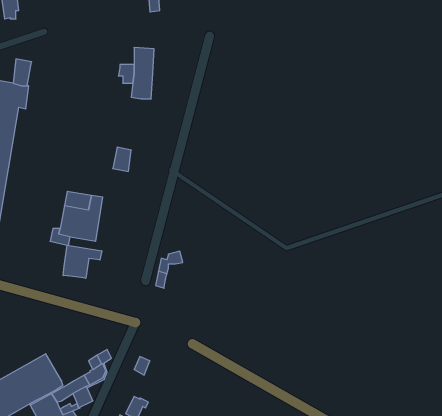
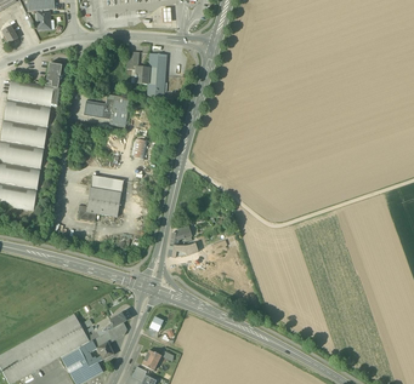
building: none -> [84,94,130,127]
building: [63,245,102,278] -> none

